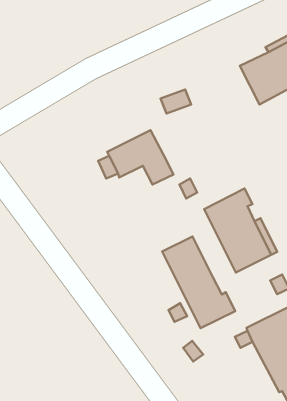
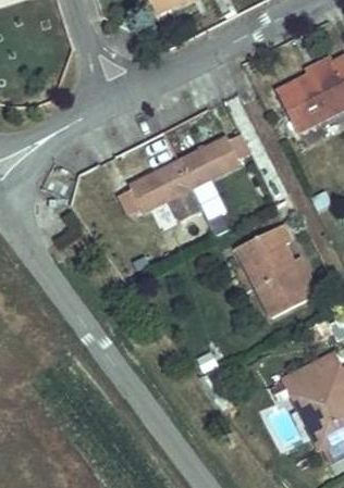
building: none -> [179,134,251,187]
building: [162,236,235,328] -> none

